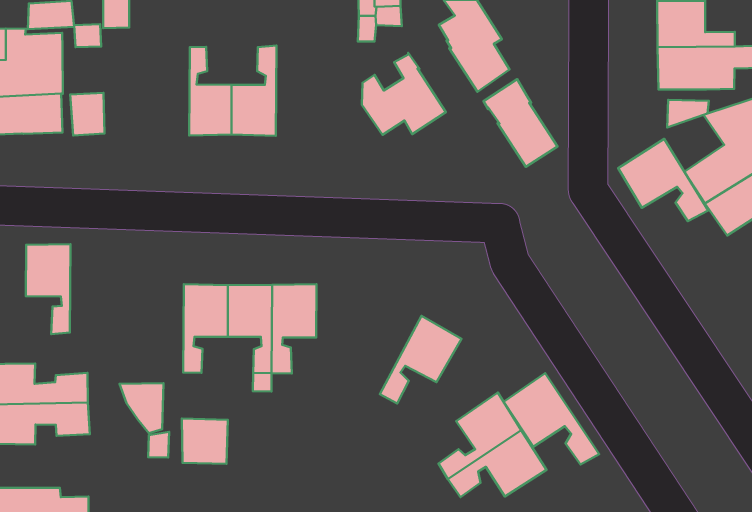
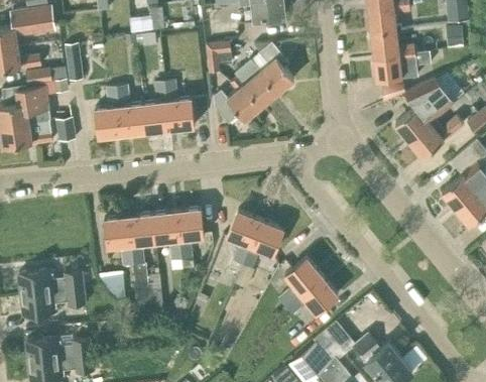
building: none -> [164,80,195,130]
building: none -> [94,87,122,137]
building: [483,79,558,167] -> [234,59,277,107]
building: [618,139,708,221] -> none
building: [26,244,70,334] -> [104,217,133,267]
building: none -> [227,211,260,265]
building: [504,373,599,464] -> none

